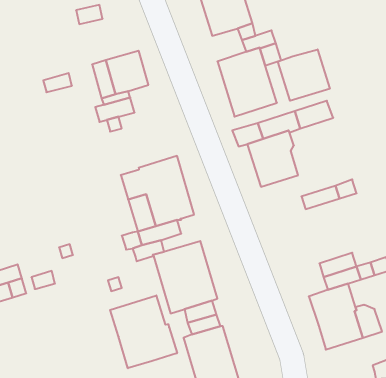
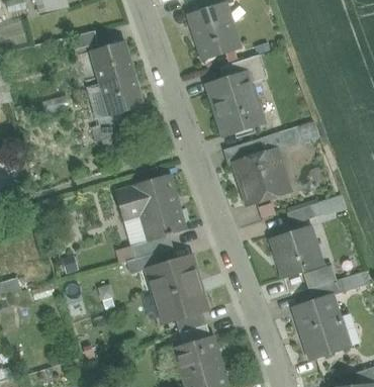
building: none -> [91,40,132,83]
building: [278,49,330,101] -> none
building: none -> [271,226,322,277]
building: [110,295,177,368] -> none

